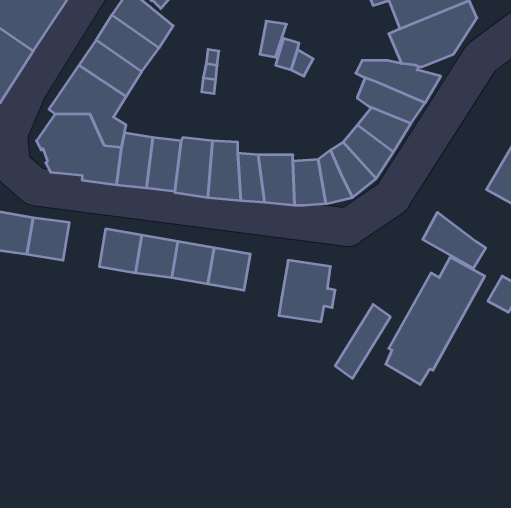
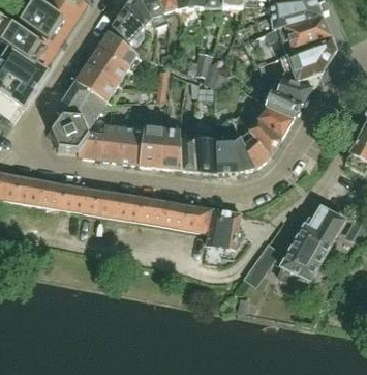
building: [423,212,486,268] -> none
building: none -> [65,182,93,211]
building: none -> [184,203,213,231]

